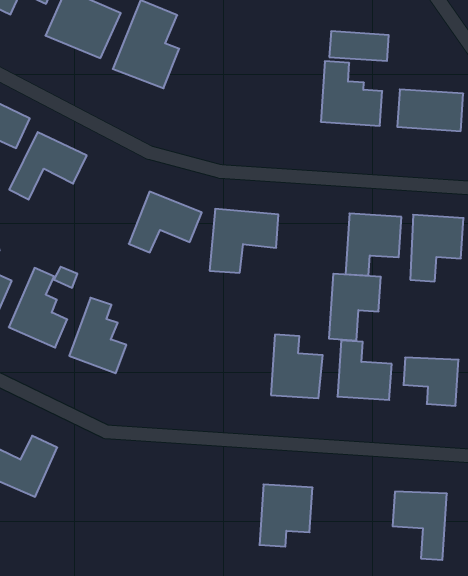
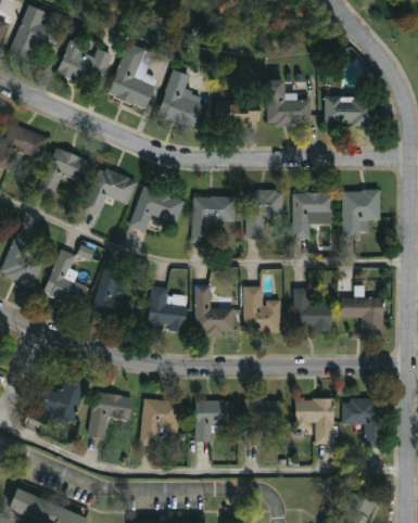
building: [329,31,389,61] -> [217,102,261,122]
building: none -> [160,68,203,126]
building: none -> [83,165,137,216]
building: [329,274,381,340] -> [246,190,282,239]
building: none -> [148,286,187,331]
building: none -> [195,285,235,333]
building: none -> [89,392,131,438]
building: none -> [139,398,177,443]
building: none -> [193,399,232,441]
building: none -> [295,398,334,443]

